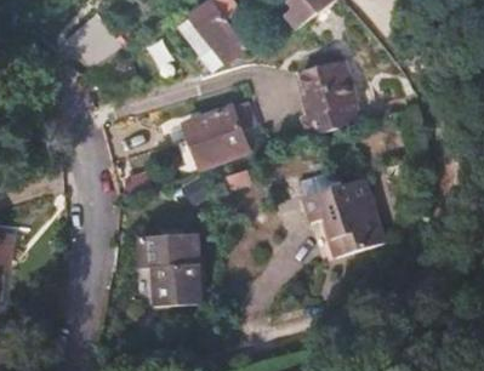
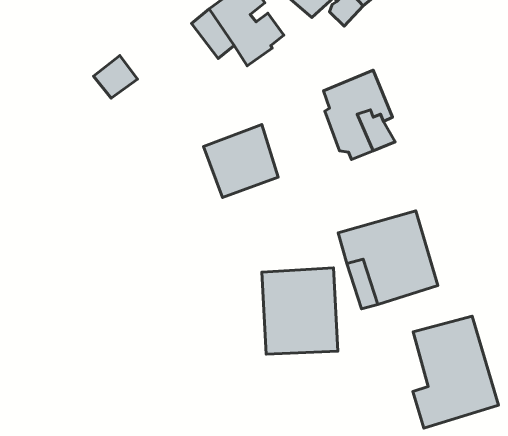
building: [139,235,203,307] -> [262,268,338,354]
building: none -> [413,316,498,428]

